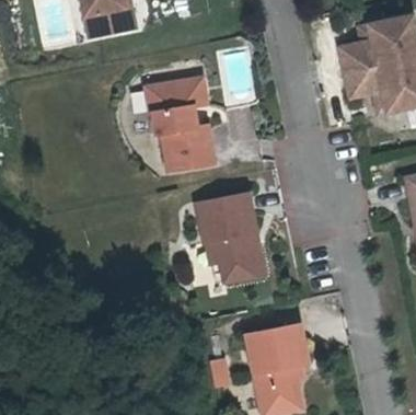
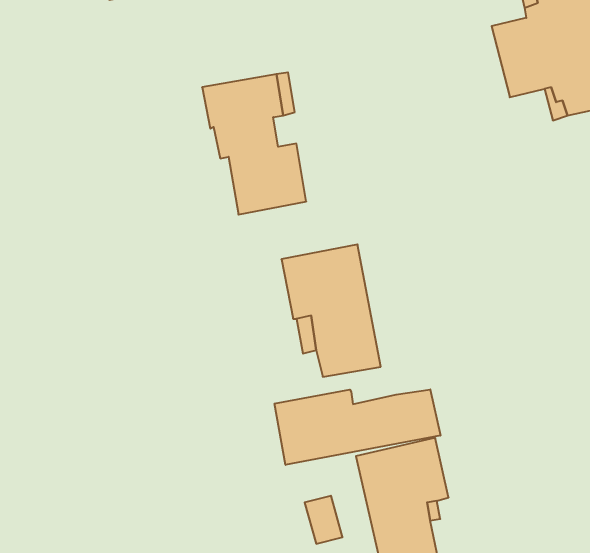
building: none -> [275,389,440,465]

